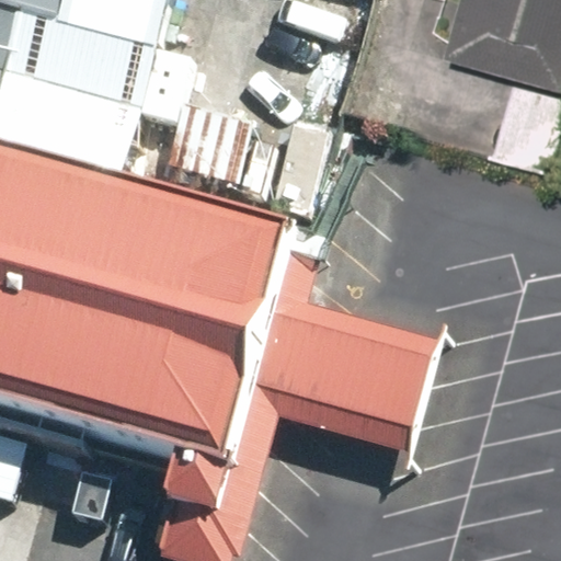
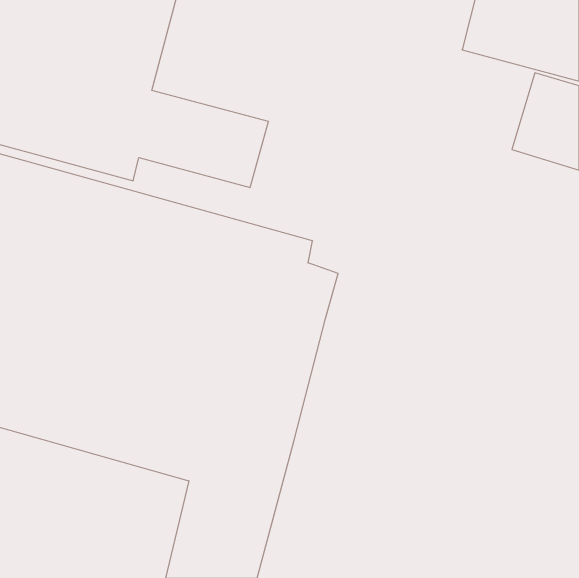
building: [278,301,438,451] -> none

